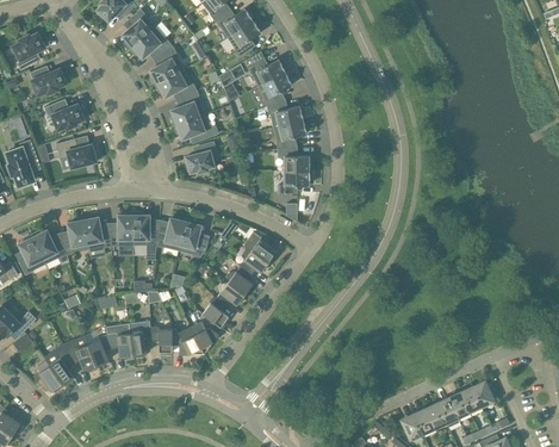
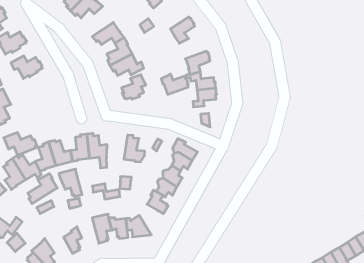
building: [150,46,185,85] -> none
building: [248,60,285,86] -> none
building: [268,101,303,128] -> [161,74,188,94]
building: [56,138,99,168] -> [4,133,37,155]
building: [156,217,187,250] -> none
building: none -> [28,174,57,204]
building: [191,313,219,354] -> none
building: [106,323,133,359] -> [59,169,82,196]
building: [63,335,98,372] -> none

